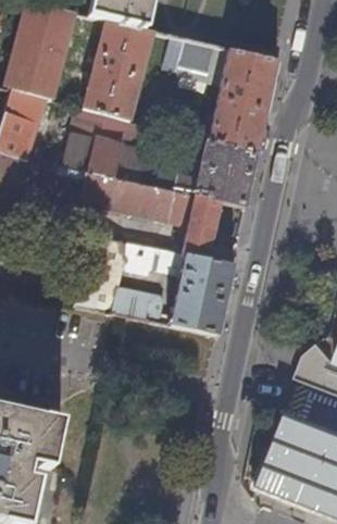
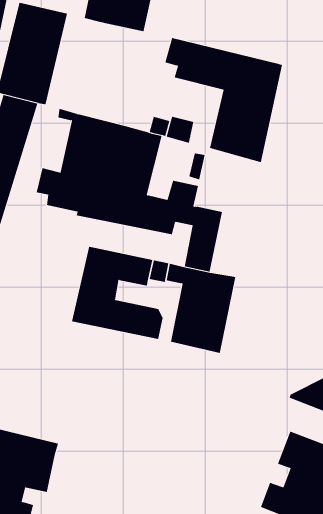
building: [83,24,153,123] -> none
building: [196,144,258,211] -> none

